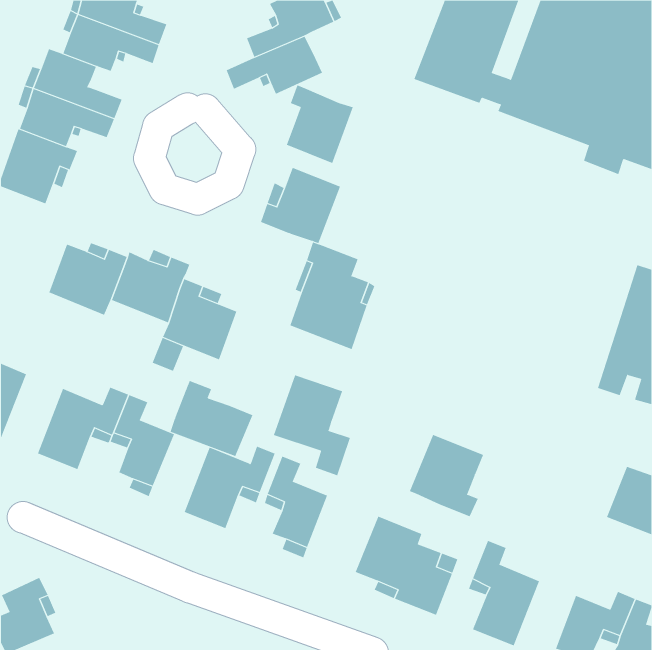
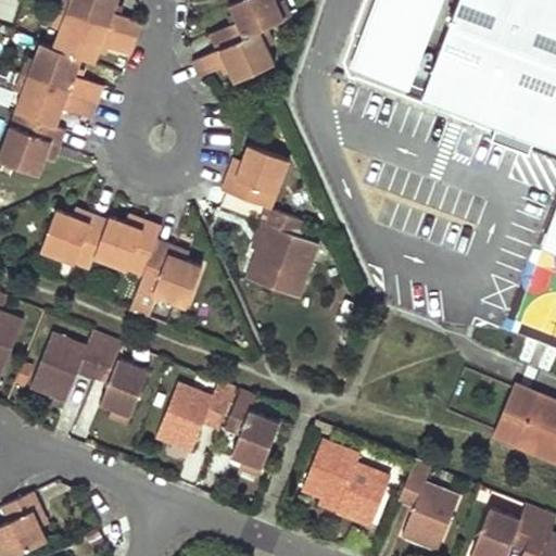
building: [286,85,353,164] -> none
building: [273,375,351,476] -> none
building: [170,380,253,457] -> none
building: [409,434,484,517] -> none
building: none -> [495,390,533,442]

